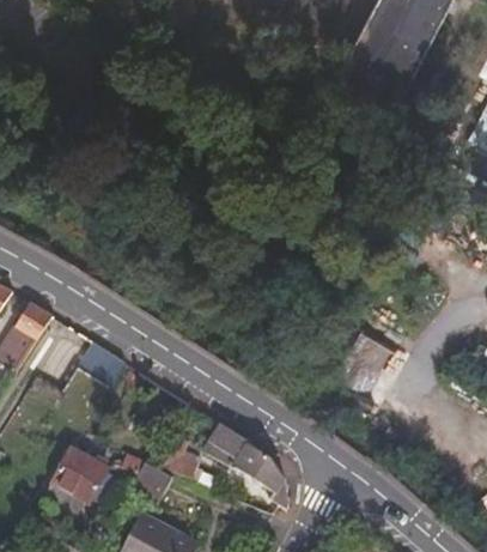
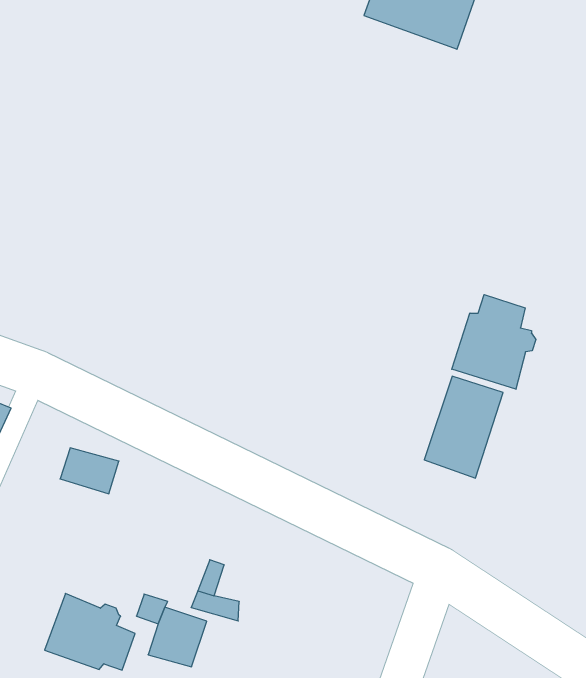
building: none -> [452,295,536,389]
building: [207,421,292,504] -> none

